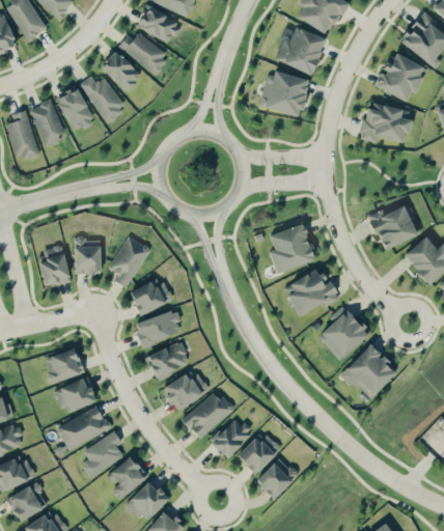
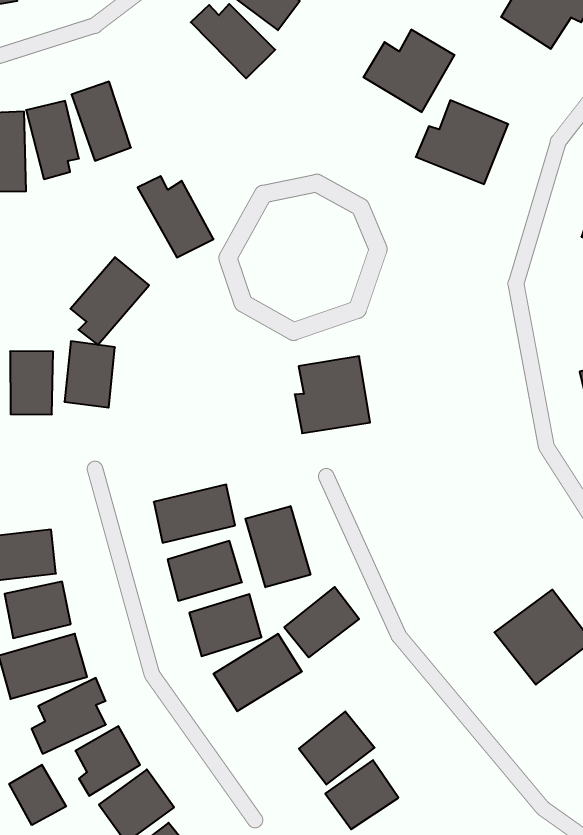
building: [275,28,326,75] -> [363,30,455,112]
building: [100,50,141,91] -> none
building: [79,76,127,121] -> [138,176,214,258]
building: [269,224,314,273] -> [295,356,370,433]
building: [107,235,150,287] -> [70,257,149,345]
building: [287,267,337,315] -> none
building: [130,277,171,315] -> none
building: [317,306,368,361] -> none
building: none -> [245,506,310,587]
building: [210,416,252,458] -> [284,587,359,657]
building: none -> [9,765,66,825]

